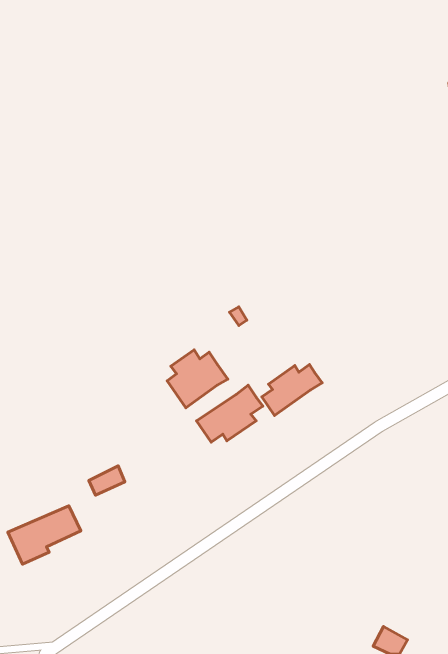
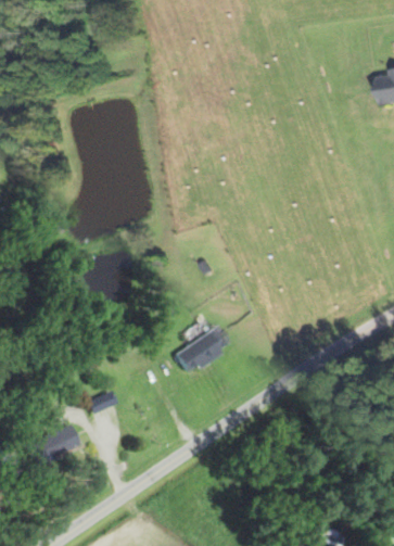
building: [167,350,228,408] -> none
building: [262,364,322,415] -> none

